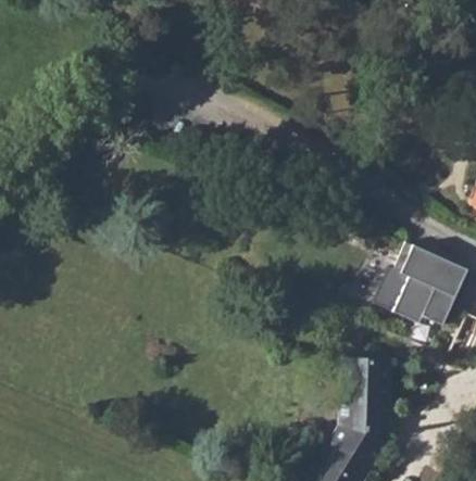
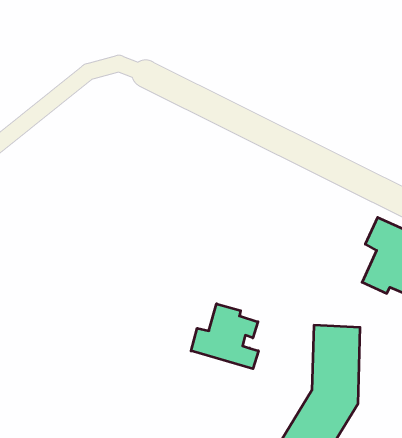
building: none -> [191,304,258,369]

